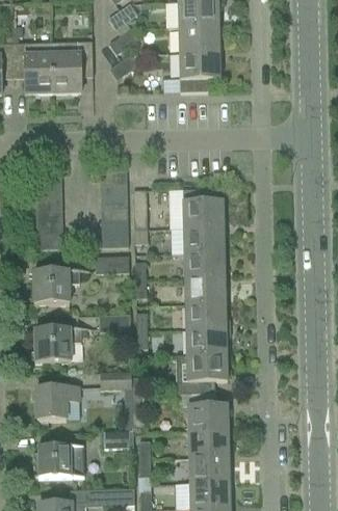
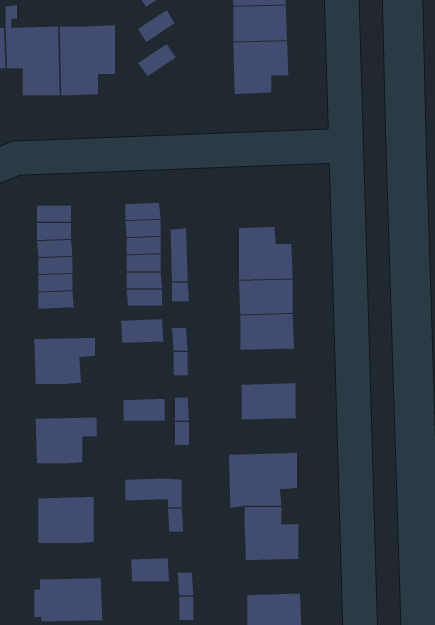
building: [184,277,226,303] -> none
building: [185,328,227,354] -> none
building: [188,431,229,457] -> none

